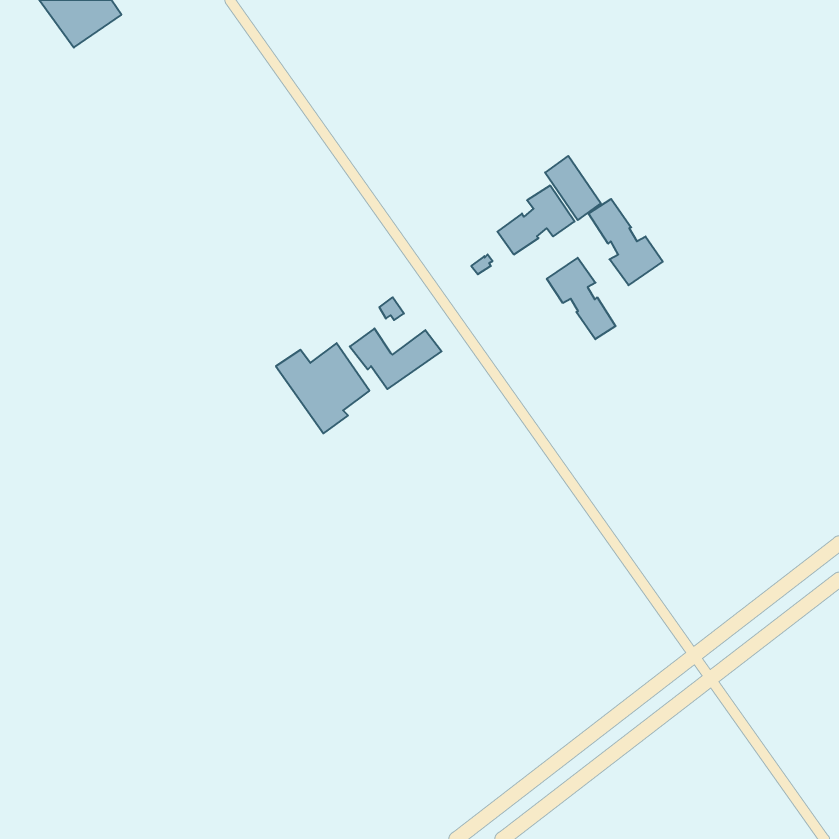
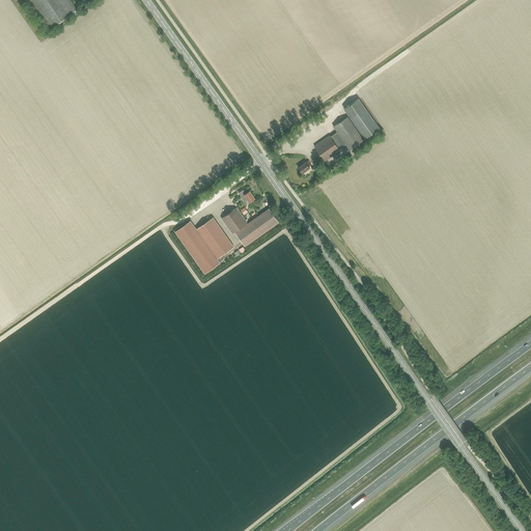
building: [589,199,663,285] -> none
building: [547,258,616,339] -> none

